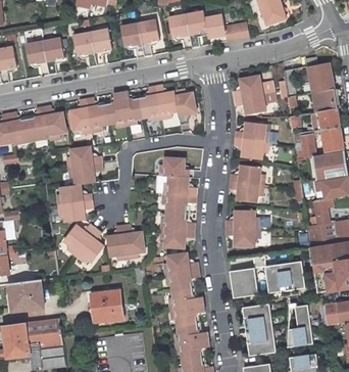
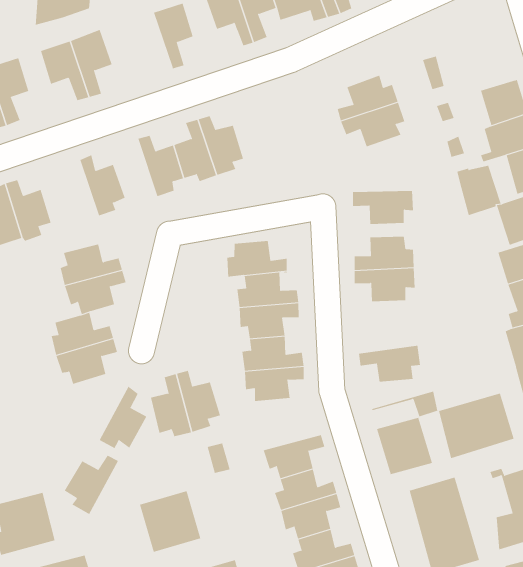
building: [119,24,144,58] -> none
building: [307,62,333,92] -> none
building: [173,90,195,125] -> none
building: [104,92,126,127] -> none
building: [69,99,92,134] -> none
building: [234,122,268,142] -> none
building: [225,210,258,228] -> none
building: [62,224,95,255] -> [64,455,119,515]
building: [163,253,198,274] -> none

